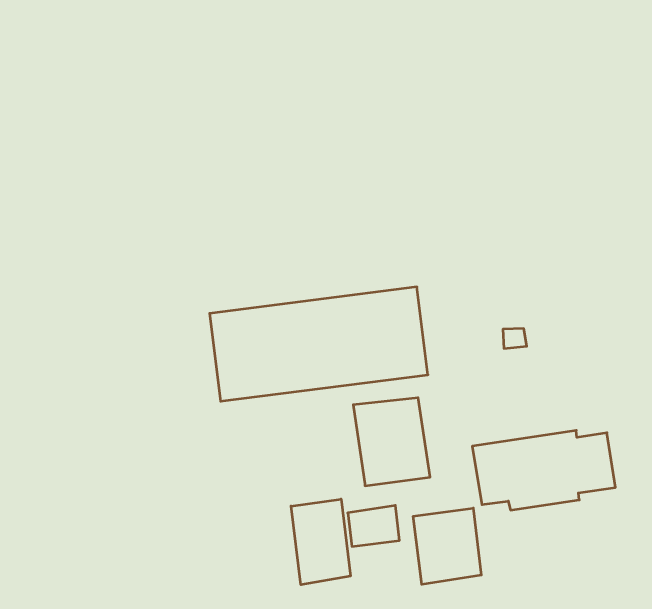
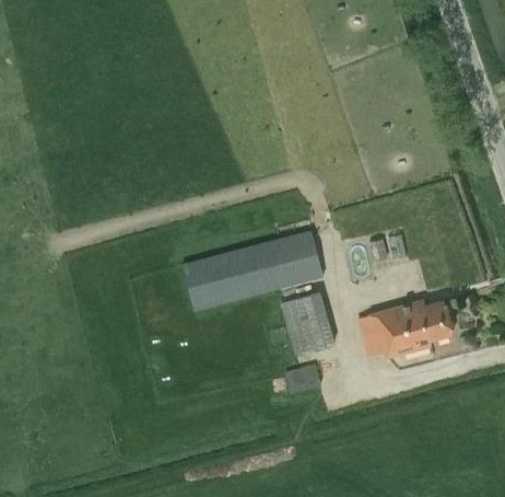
building: [291,499,350,585] -> none
building: [413,508,481,584] -> none

